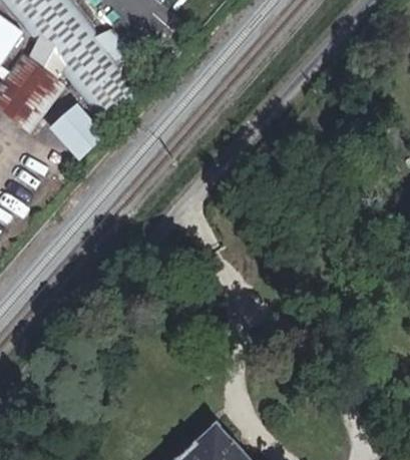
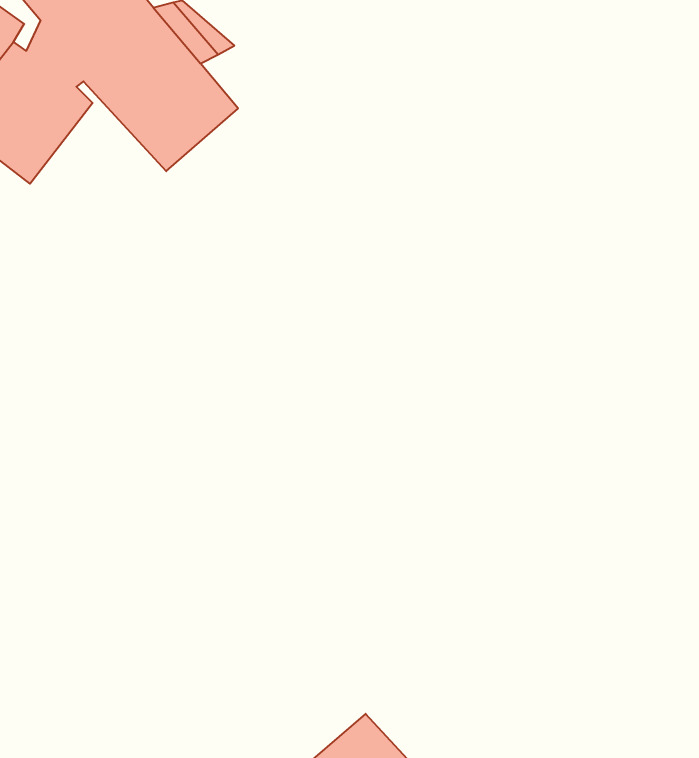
building: [51,110,98,155] -> none

